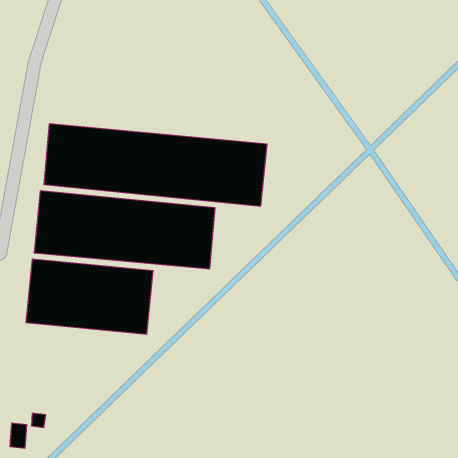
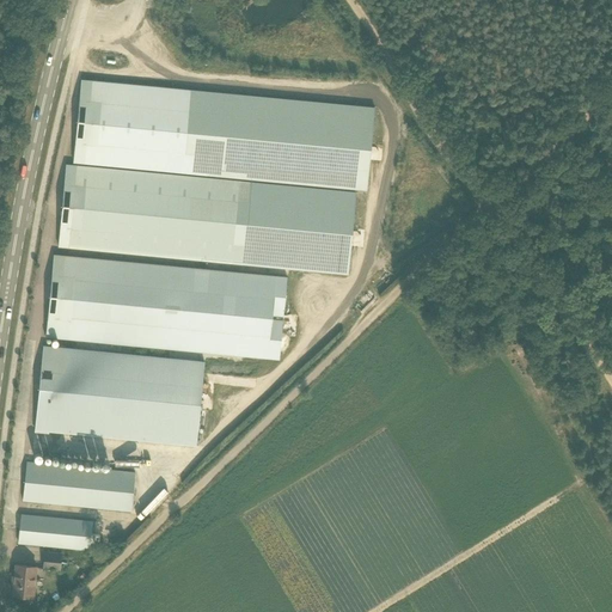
building: none -> [73,80,374,190]
building: none -> [23,461,134,512]
building: none -> [18,515,92,551]

